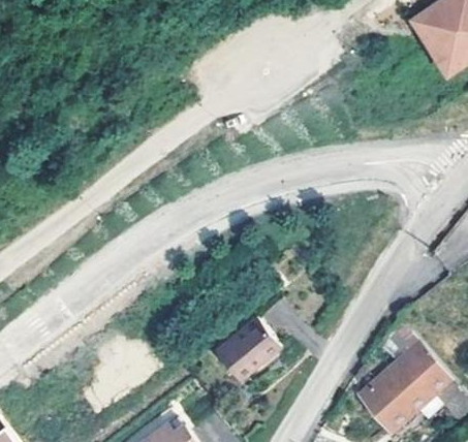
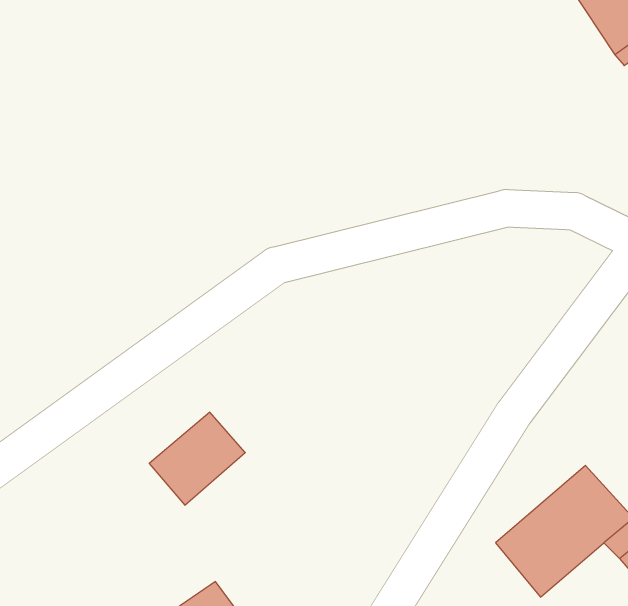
building: [217,316,281,378] -> [149,412,245,505]

